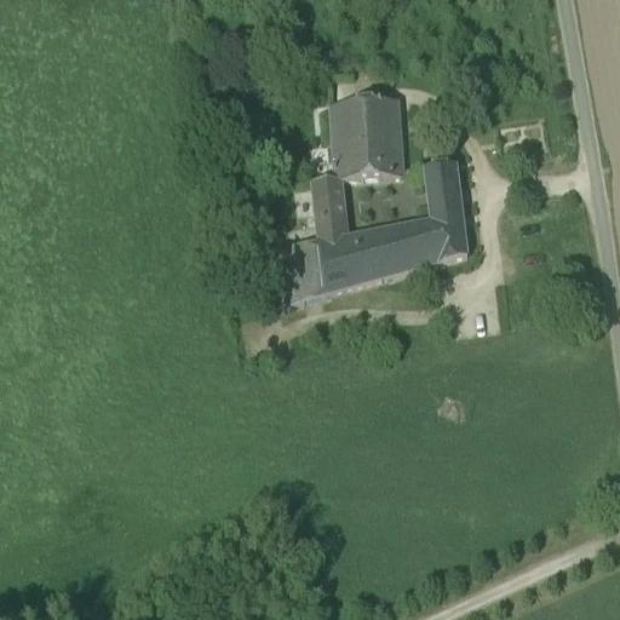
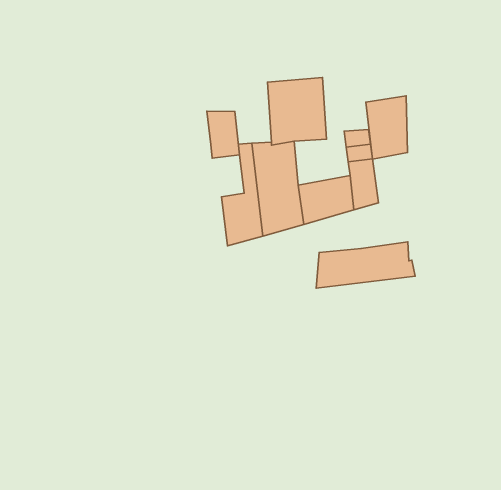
building: none -> [366,96,408,159]
building: none -> [207,111,239,158]
building: none -> [316,242,415,288]

